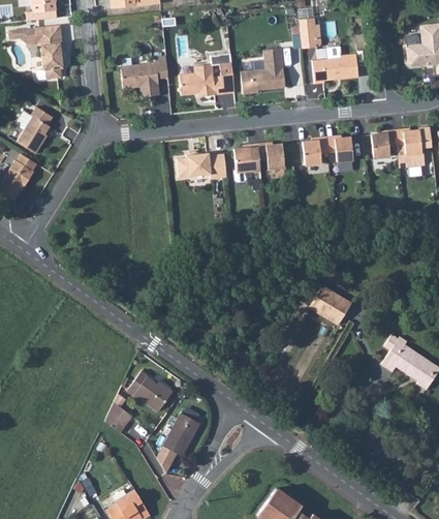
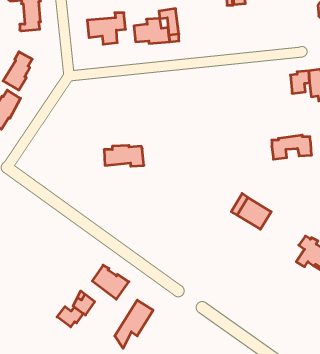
building: [241,47,290,93] -> none
building: [311,52,357,81] -> none
building: [305,134,354,164] -> [272,135,312,159]
building: [234,143,285,173] -> none
building: [179,151,228,177] -> [104,145,144,166]
building: none -> [57,307,83,327]

